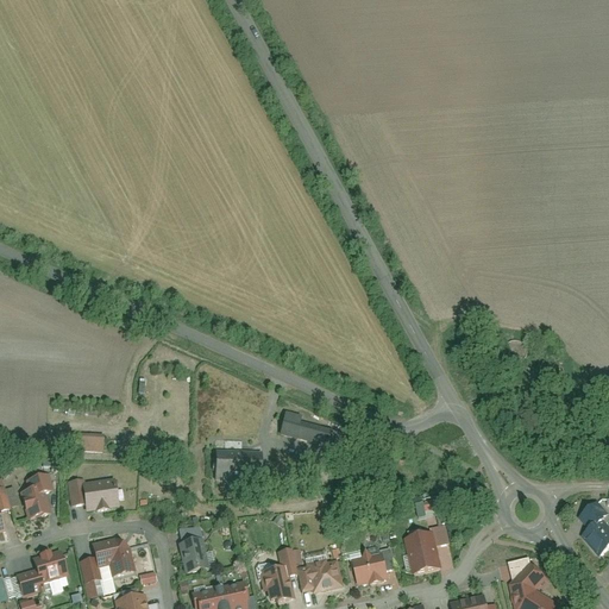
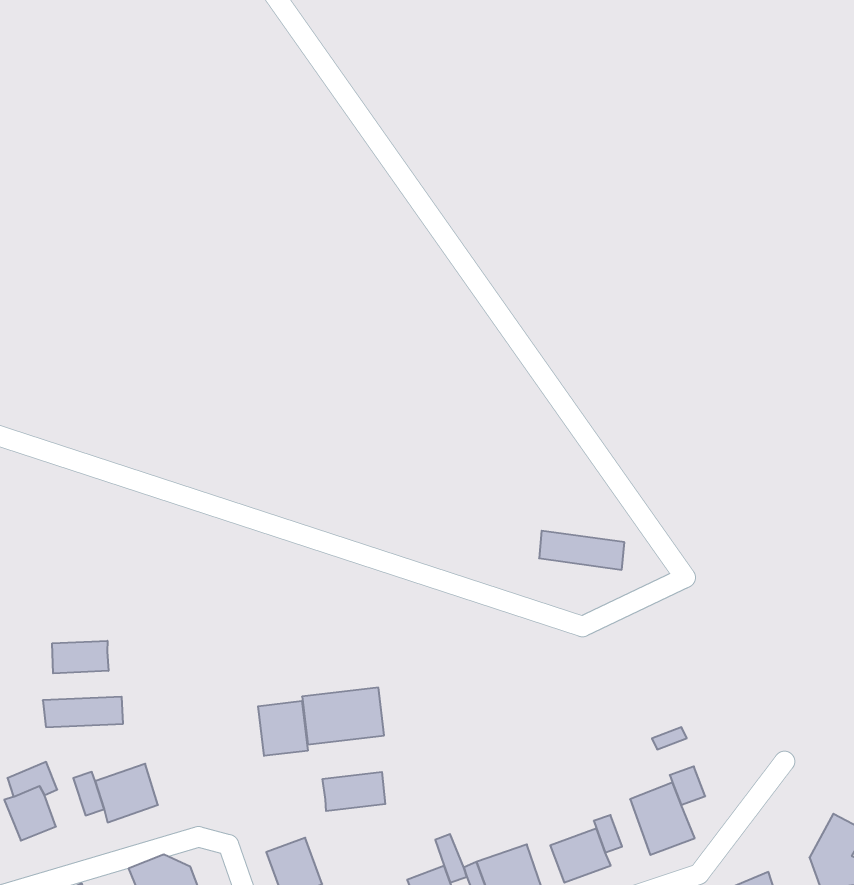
building: none -> [52,641,108,673]
building: [276,415,329,445] -> [539,531,624,570]
building: none -> [258,701,308,756]
building: none -> [323,772,385,811]

